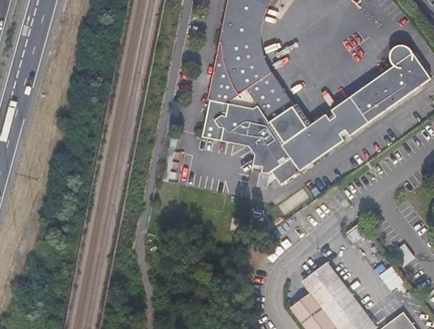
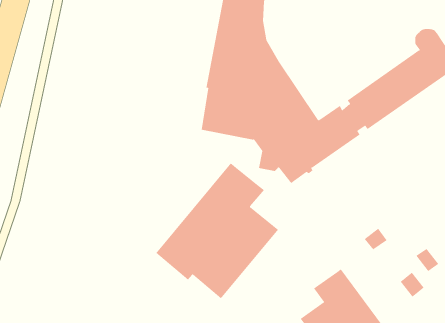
building: none -> [156,162,279,299]

